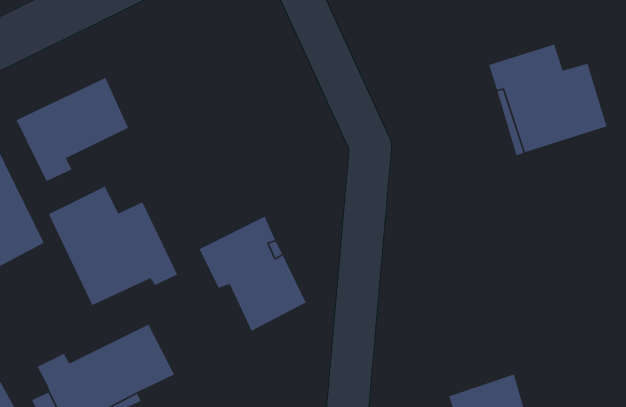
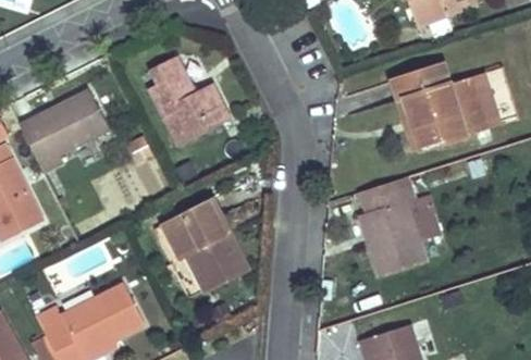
building: none -> [148,55,231,146]
building: [48,185,178,306] -> none
building: none -> [360,175,437,274]

